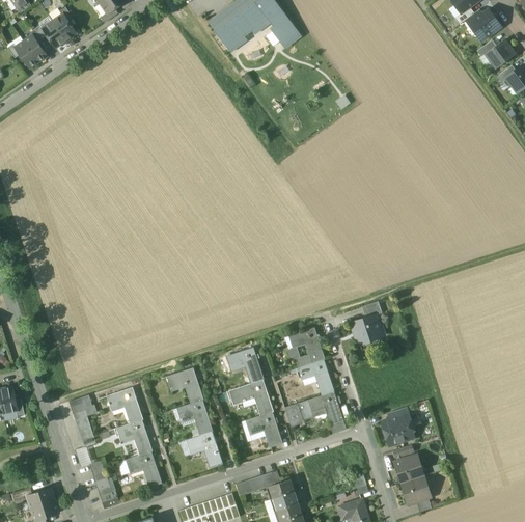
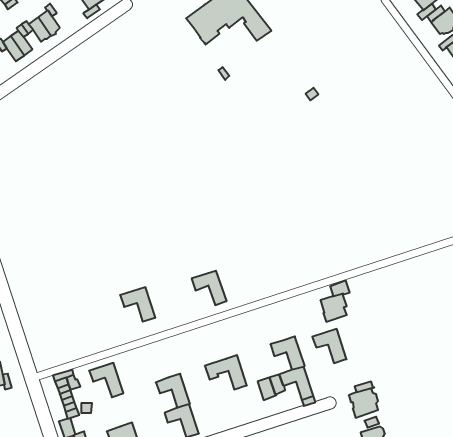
building: [288,328,325,364] -> [312,329,347,363]
building: [226,348,264,384] -> [192,271,227,305]
building: [166,367,203,404] -> [120,287,155,322]
building: [245,412,282,448] -> none
building: [115,420,153,456] -> none

